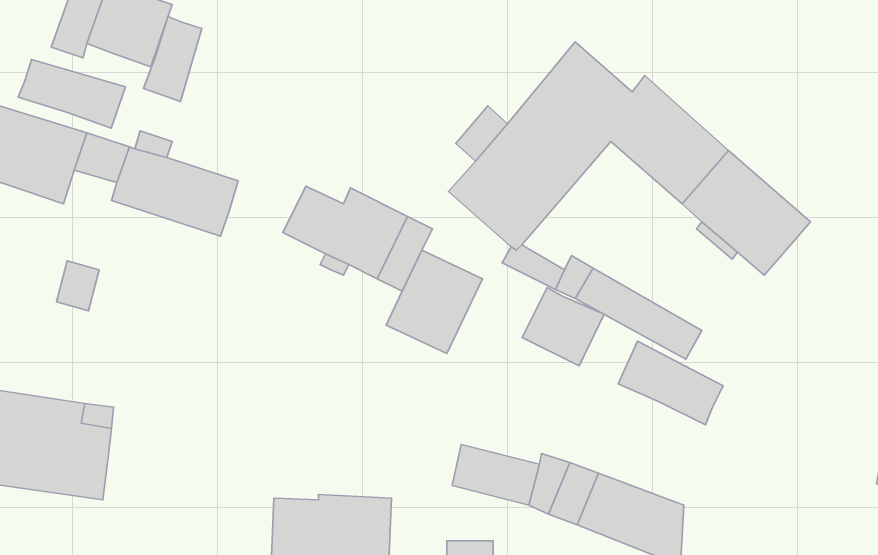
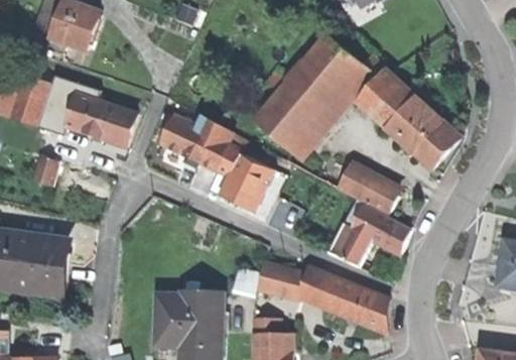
building: [143,17,202,101] -> none
building: [18,60,125,128] -> none
building: [522,288,604,366] -> [328,224,374,268]

